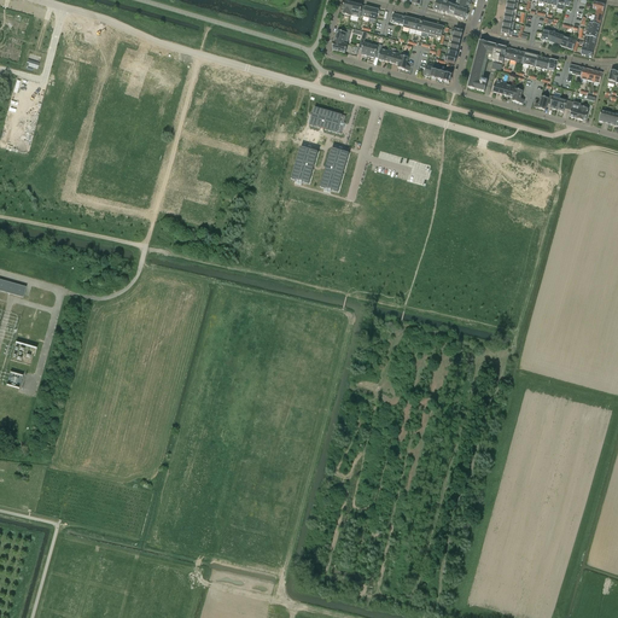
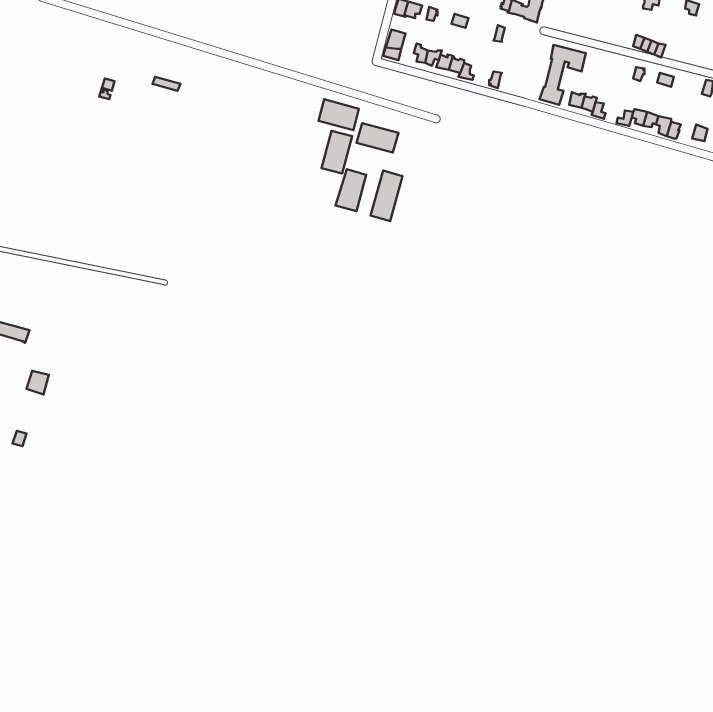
building: none -> [319,99,359,130]
building: none -> [322,131,352,174]

